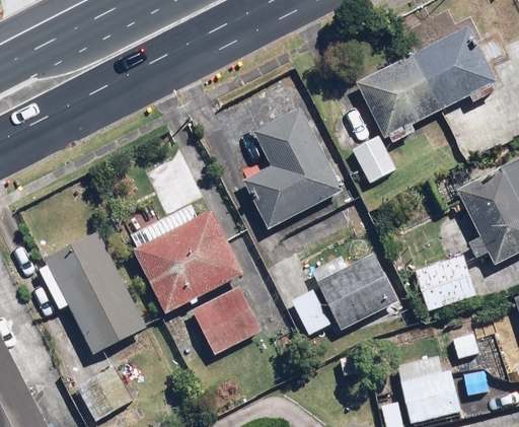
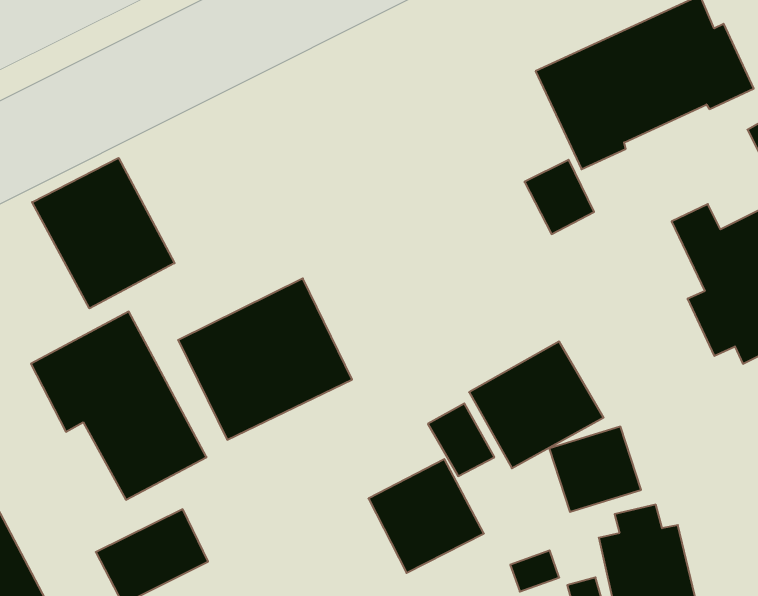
building: [244,110,358,234] -> none
building: none -> [32,158,175,308]
building: [416,256,474,310] -> [549,427,641,512]
building: [190,285,264,358] -> [368,459,484,573]

